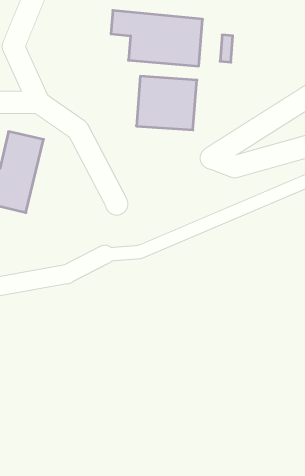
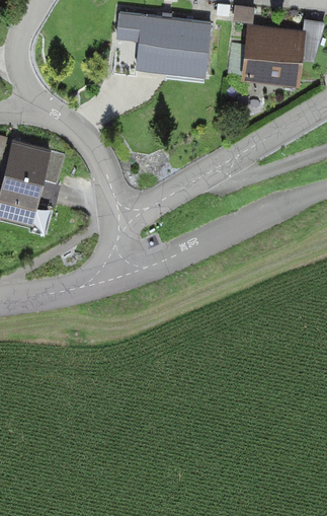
building: [136,76,197,130] -> [243,27,306,83]

